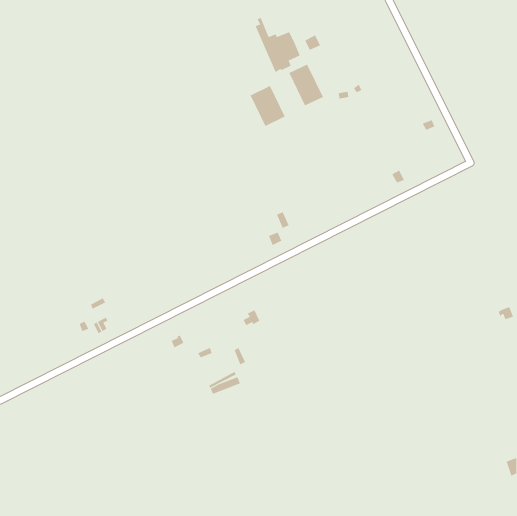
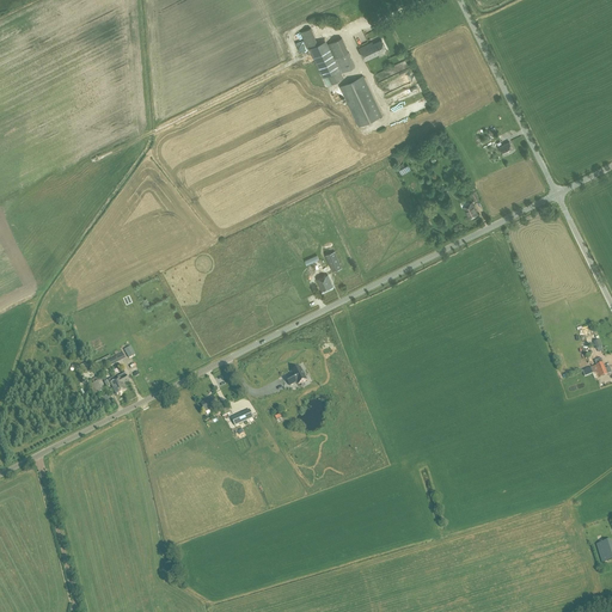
building: [250,85,285,127] -> none

